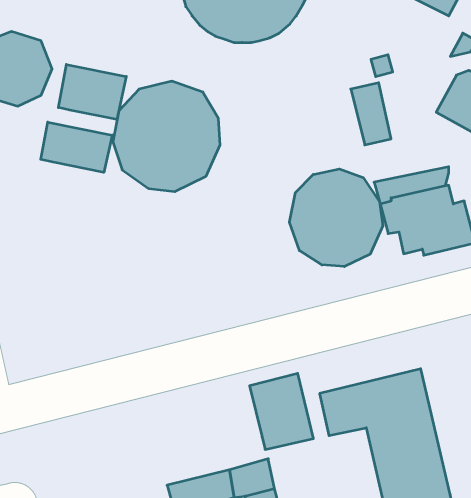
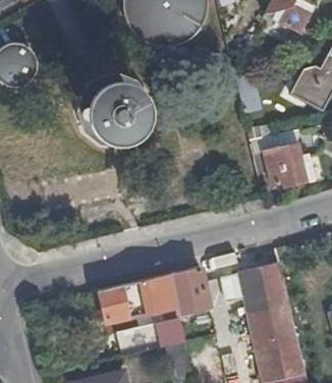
building: [58,64,126,120] -> none
building: [41,122,112,172] -> none
building: [289,169,383,267] -> none
building: none -> [95,273,176,324]

